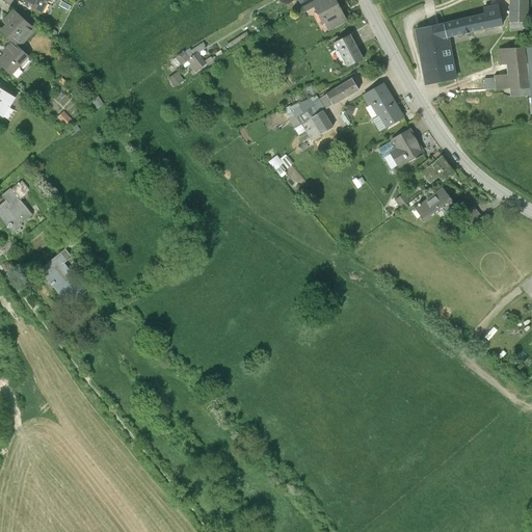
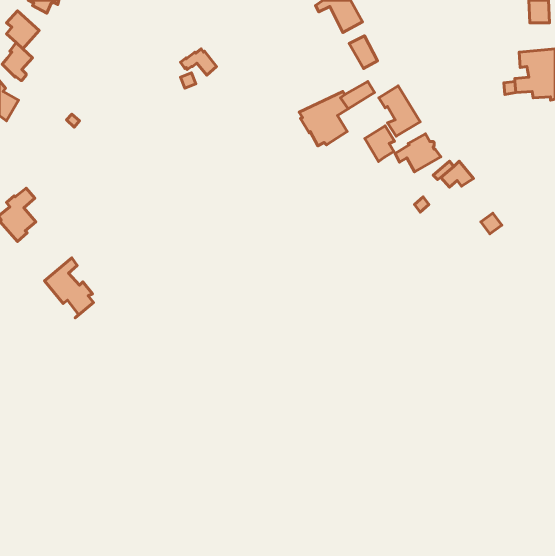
building: [414,7,499,83] -> none
building: none -> [365,126,394,162]
building: [413,185,452,218] -> none

